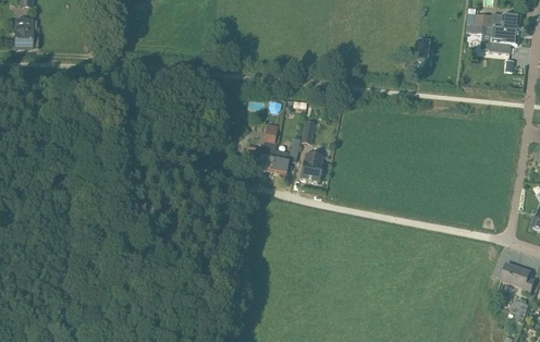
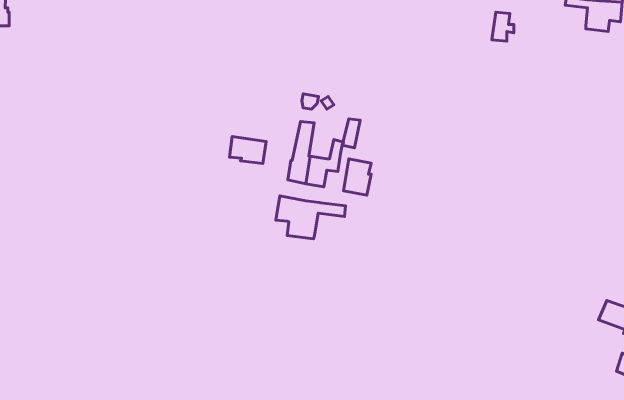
building: none -> [229,136,266,164]
building: none -> [276,196,346,239]

